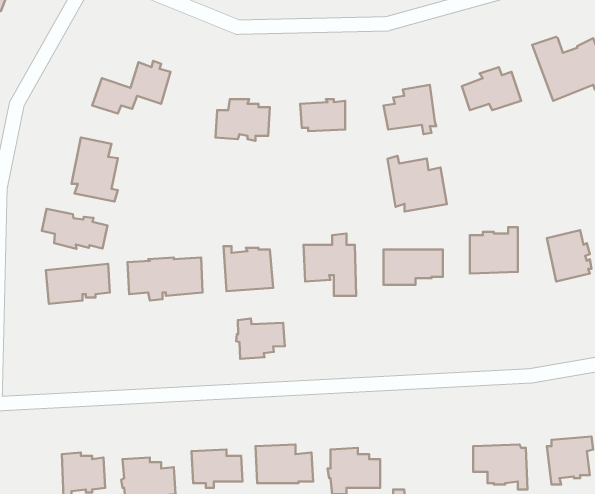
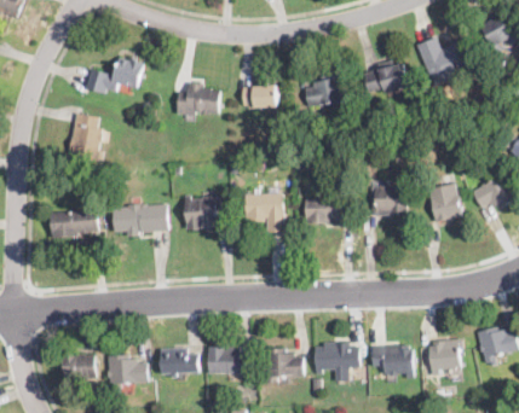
building: [387,156,447,212] -> none
building: [42,209,107,249] -> none
building: [236,319,285,359] -> none
building: none -> [315,342,359,376]

